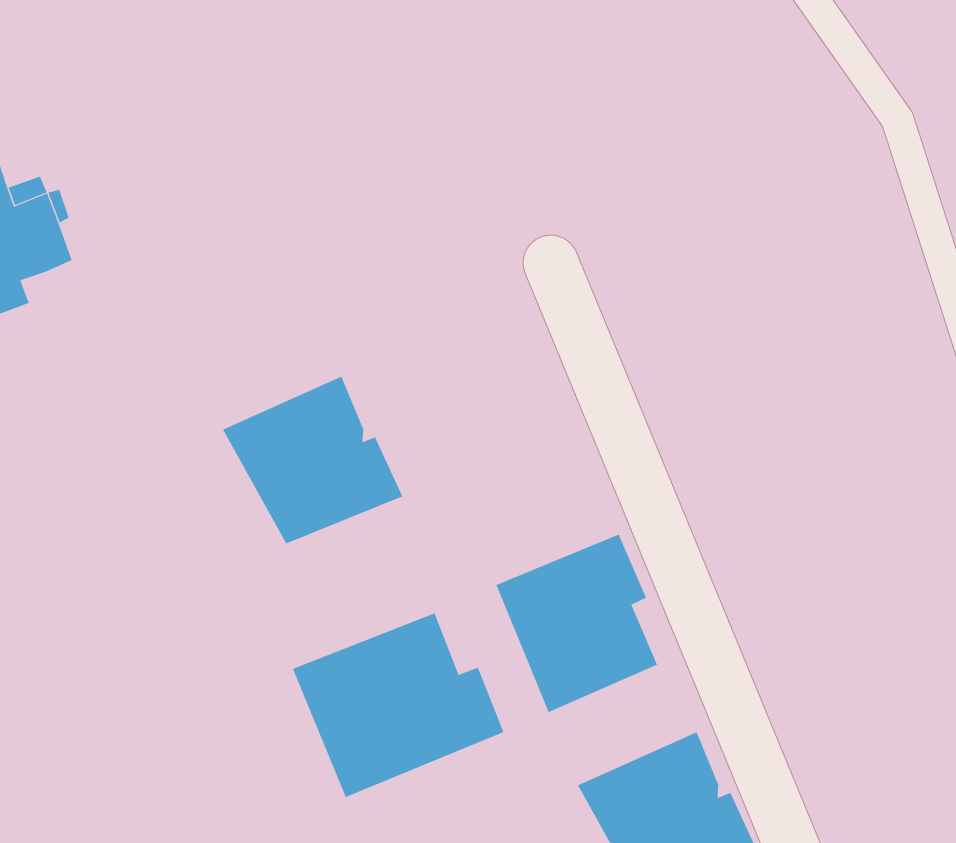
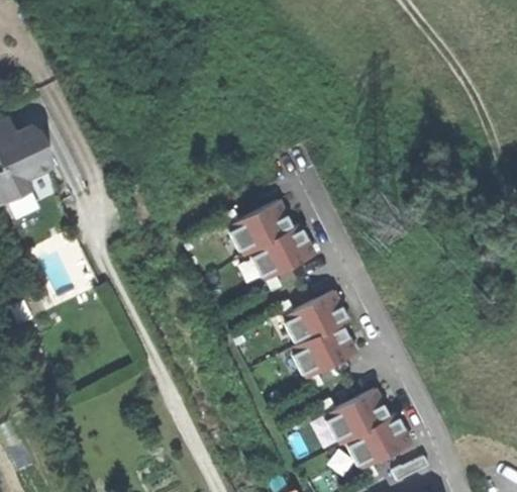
building: [222,376,403,544] -> [221,197,315,284]
building: [292,613,504,798] -> none

